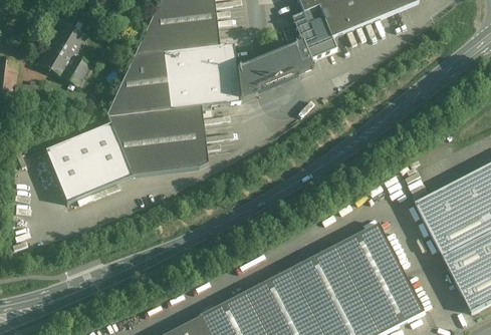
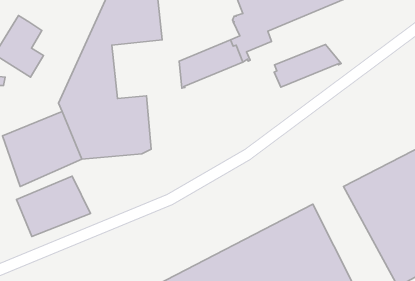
building: [165,43,240,108] -> none
building: none -> [274,45,341,87]
building: none -> [17,176,90,236]

